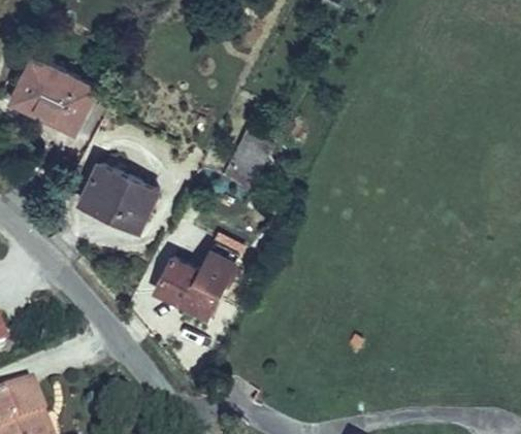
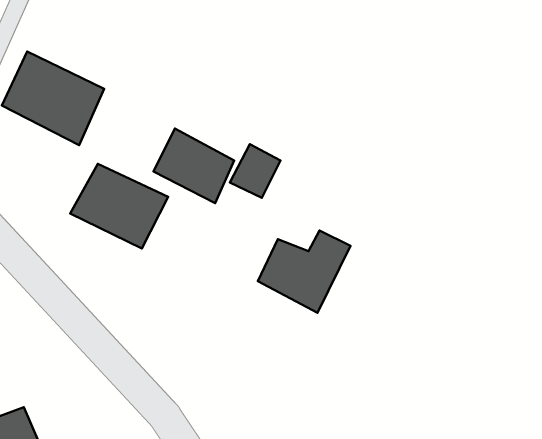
building: none -> [153,129,234,203]
building: [151,247,237,325] -> [258,230,350,313]

